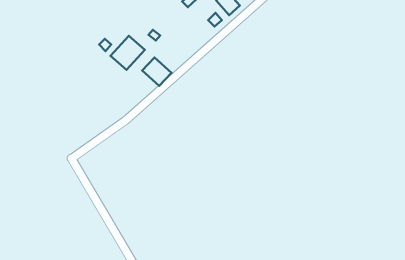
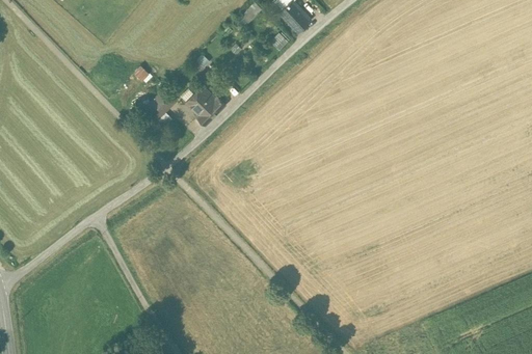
building: [111,36,145,70] -> none

